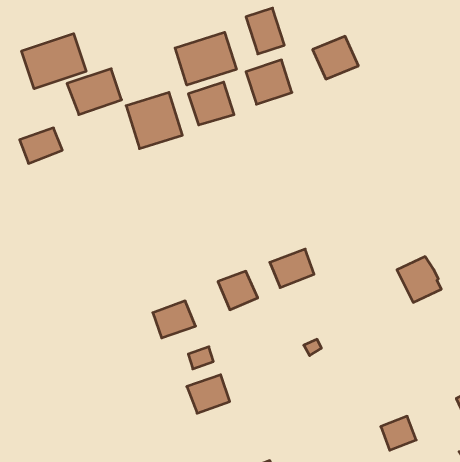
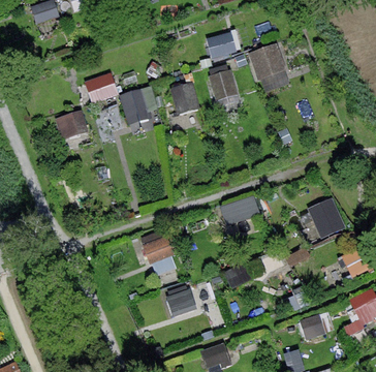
building: [175,32,236,85] -> none
building: [22,34,86,89] -> none

